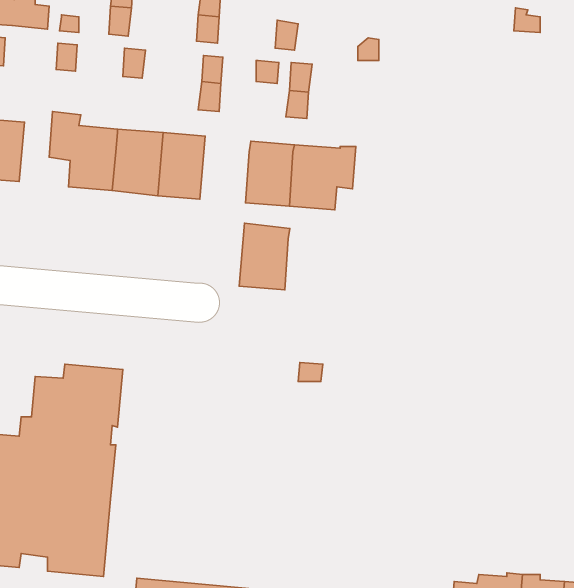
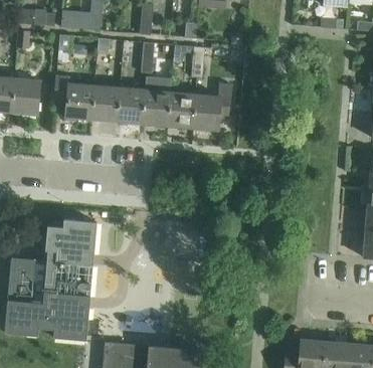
building: [239,223,290,290] -> [141,88,170,127]

